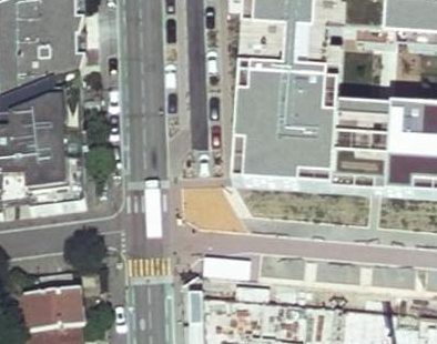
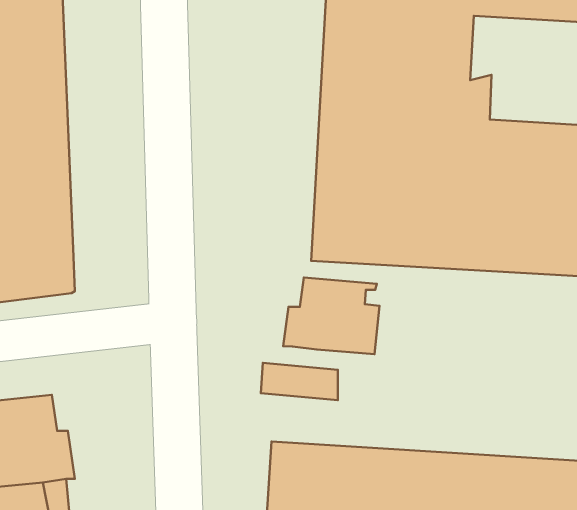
building: none -> [283,278,380,354]

